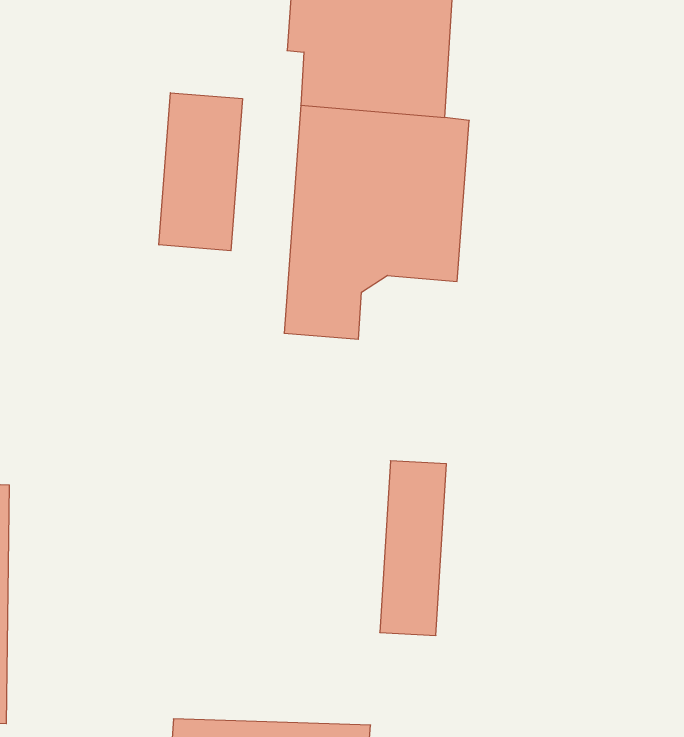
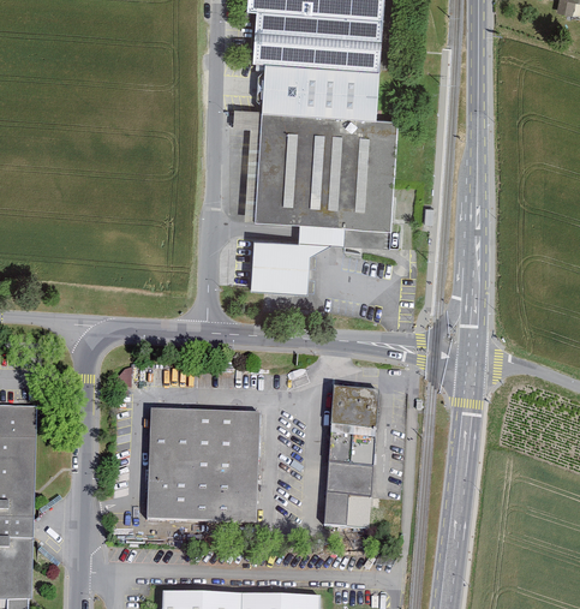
building: [159,93,242,251] -> none
building: none -> [149,410,258,520]

